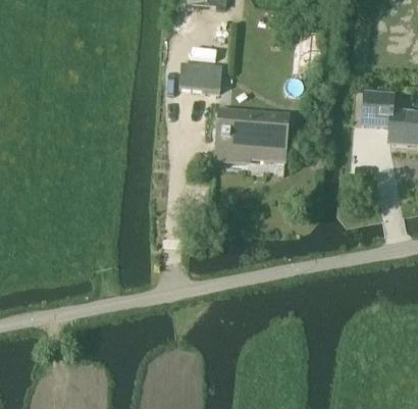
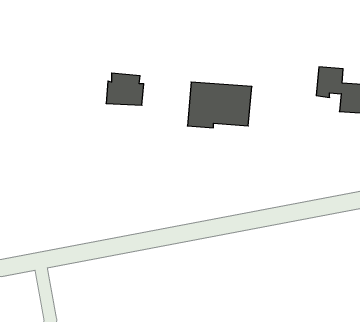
building: [179,54,222,91] -> [106,73,144,105]

